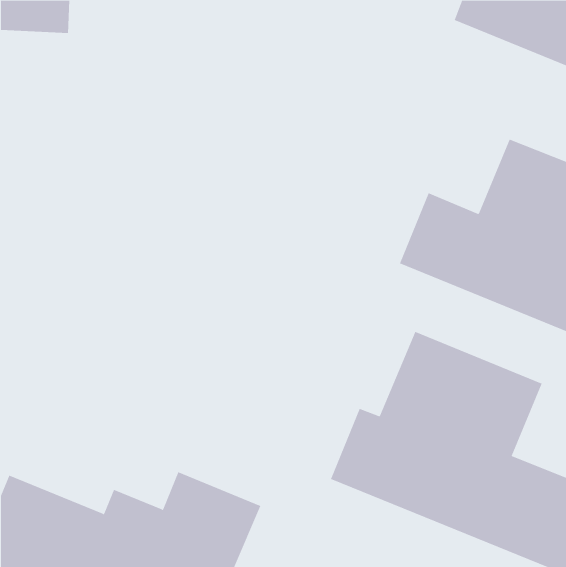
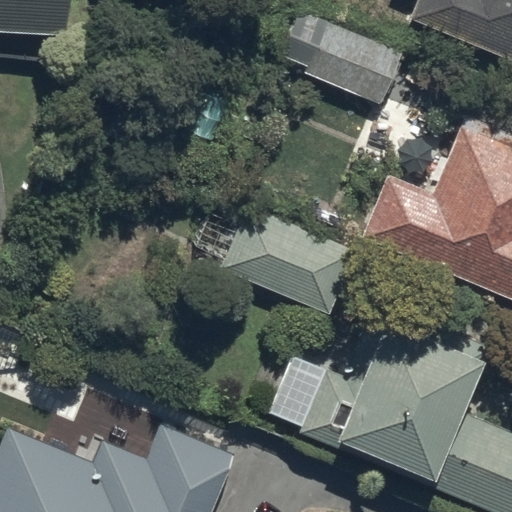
building: none -> [280,9,401,103]
building: none -> [221,205,356,314]

